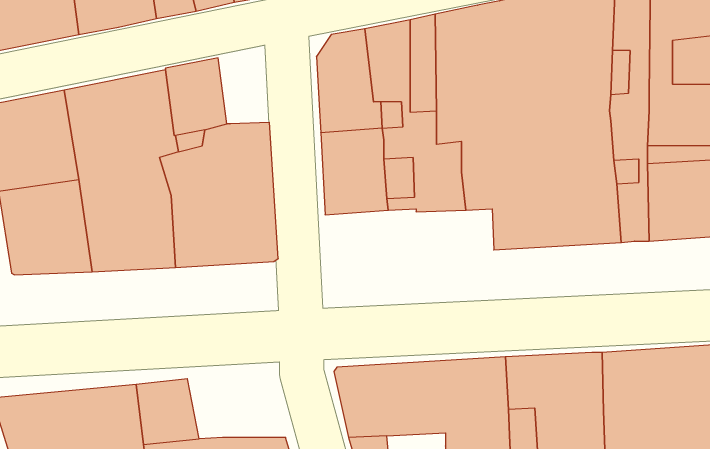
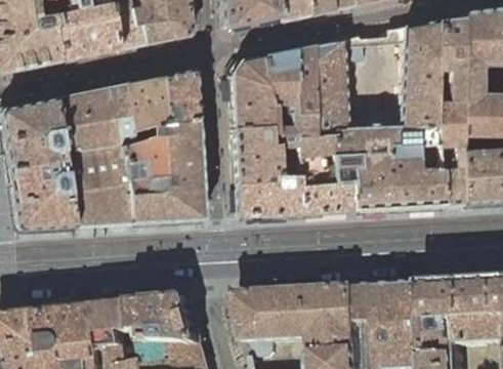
building: none -> [158,70,194,122]
building: none -> [233,181,350,216]
building: none -> [136,295,205,342]

